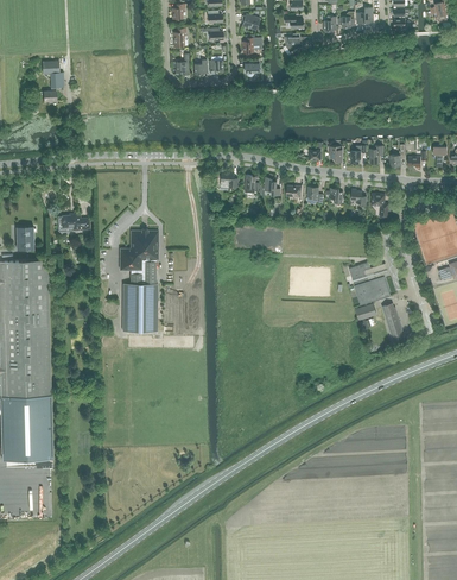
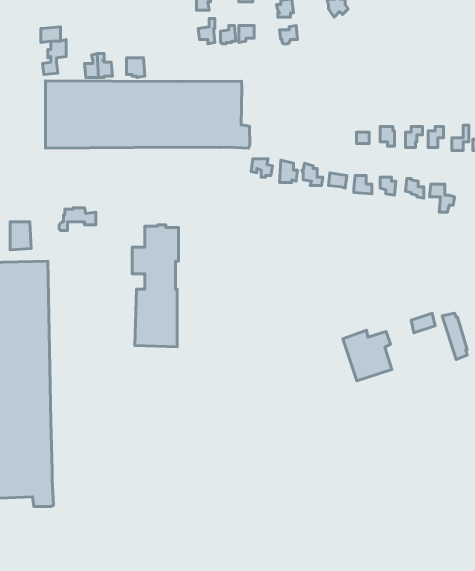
building: none -> [45,81,250,148]
building: [348,263,389,305] -> [343,330,392,381]

